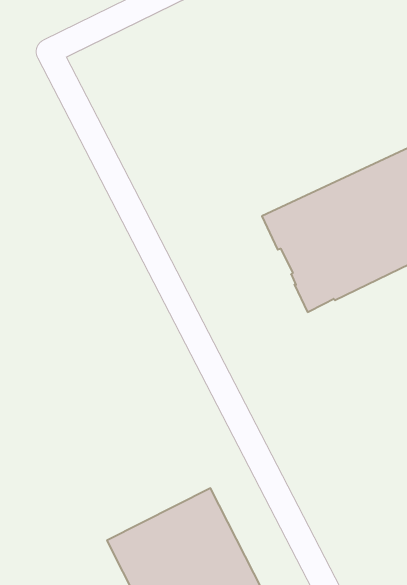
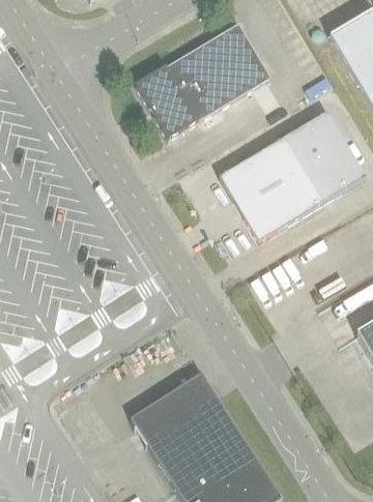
building: none -> [135,23,270,139]

